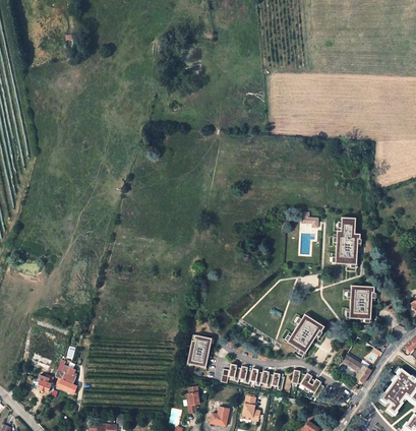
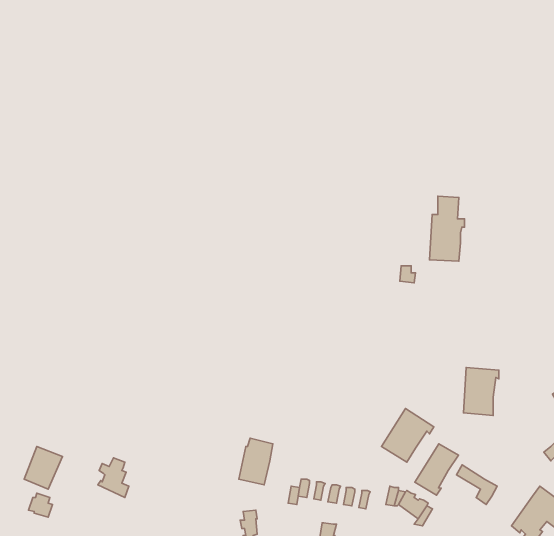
building: [333,218,358,264] -> [429,196,465,261]
building: none -> [415,444,459,495]
building: [55,366,77,394] -> [98,458,129,497]

